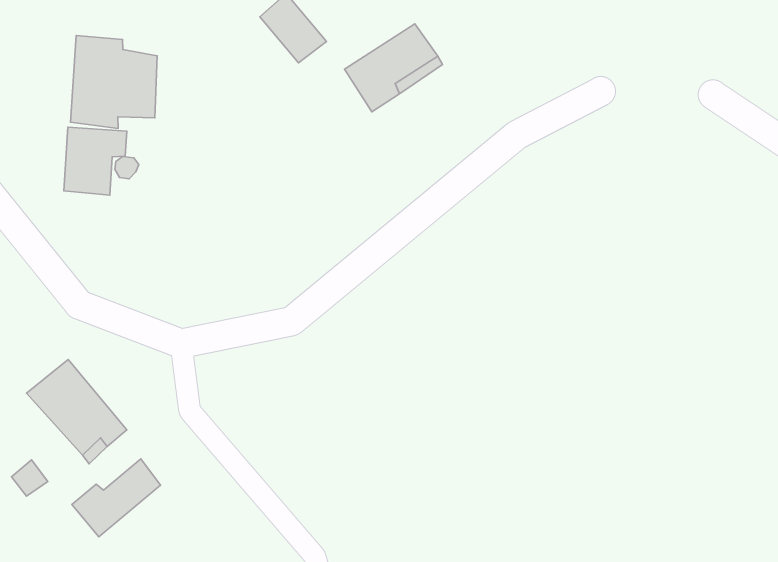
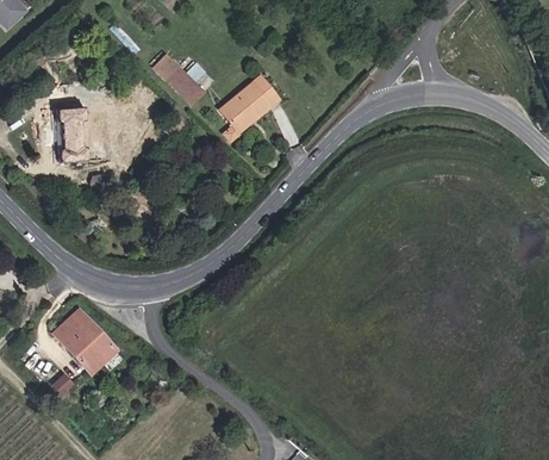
building: [64,127,127,195] -> none
building: [72,459,161,537] -> none

